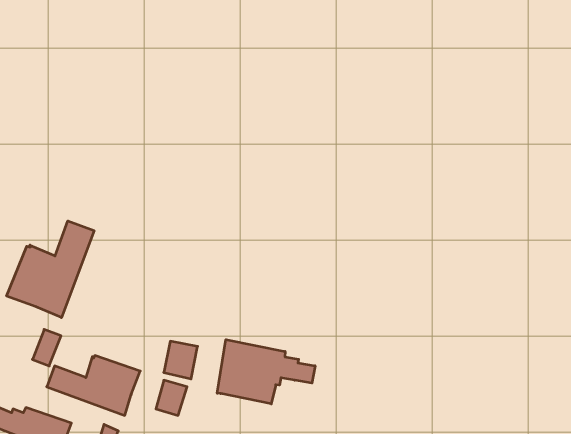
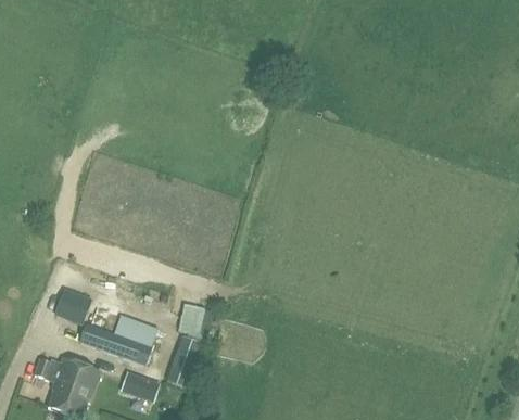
building: [7,221,94,318] -> none
building: [217,340,315,404] -> none

